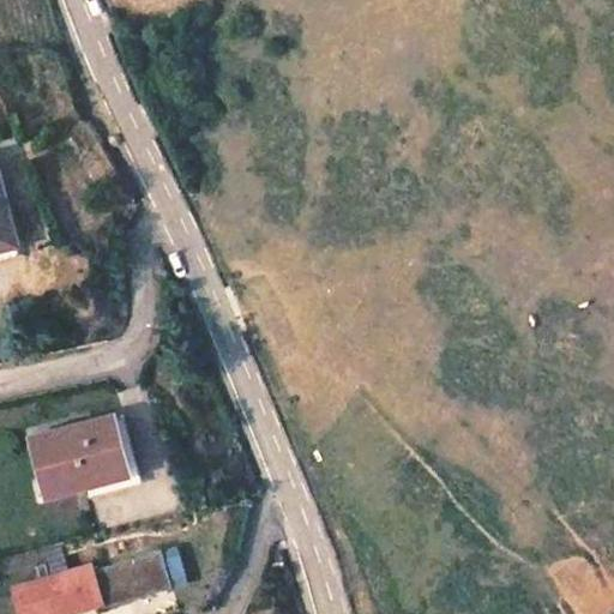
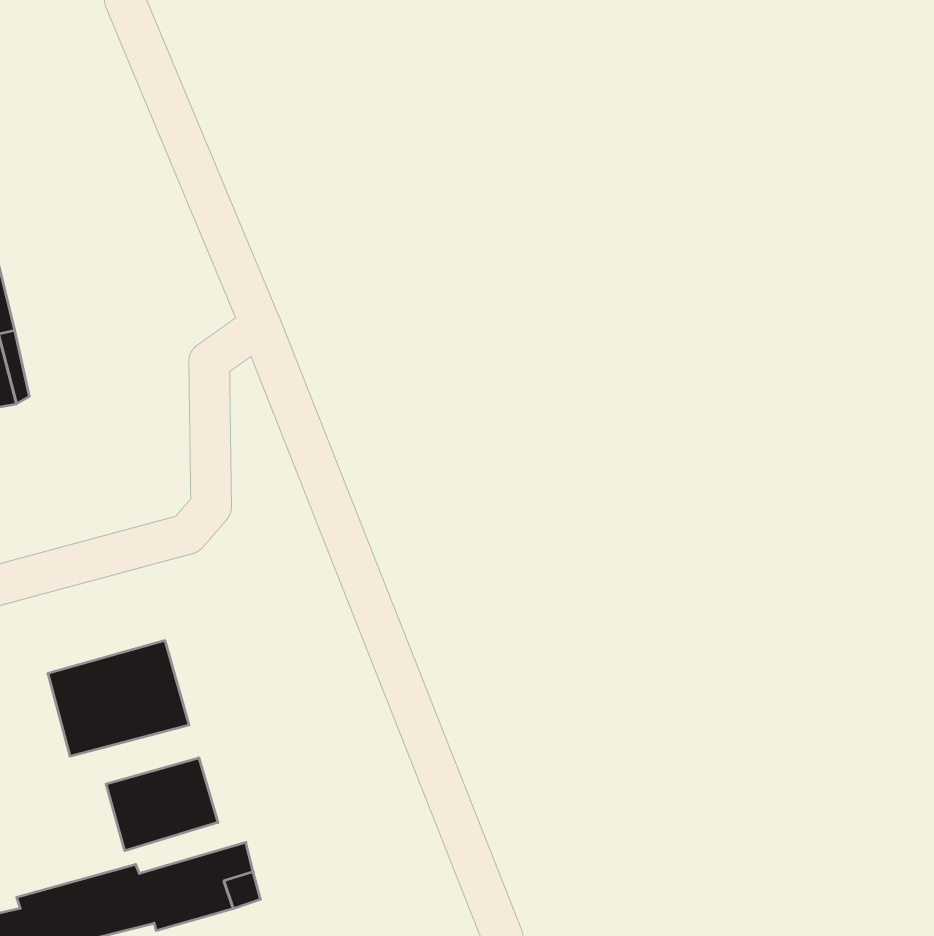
building: none -> [106,758,218,851]

